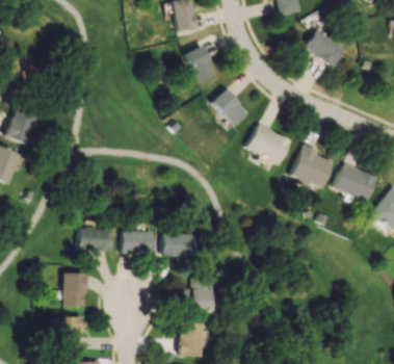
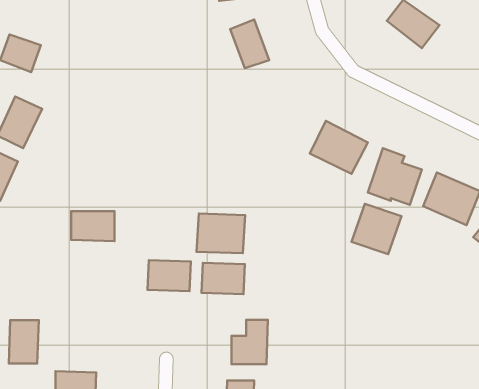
building: [211,88,247,126] -> none
building: none -> [352,204,401,254]
building: none -> [196,214,245,253]
building: [78,228,111,251] -> [71,211,114,241]
building: [62,272,85,306] -> [9,320,39,364]

